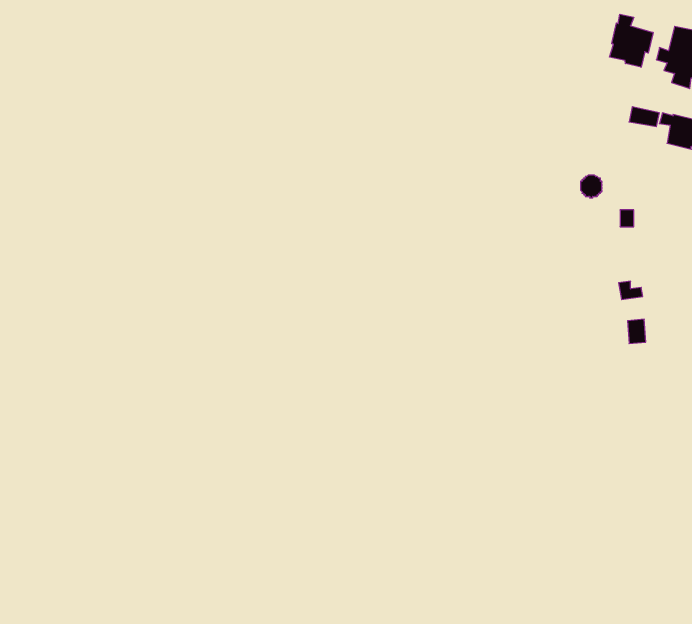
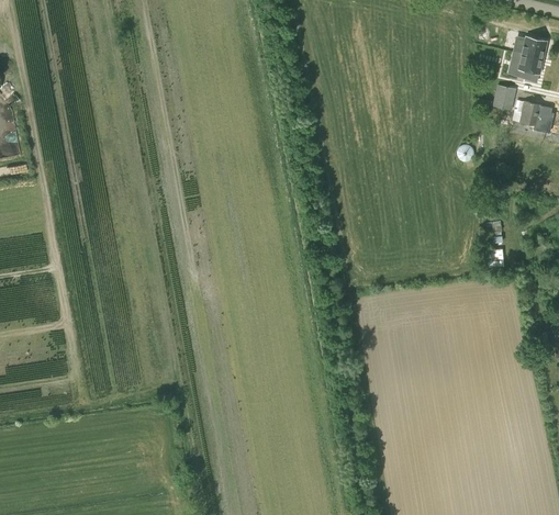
building: [610,14,653,67] -> none

